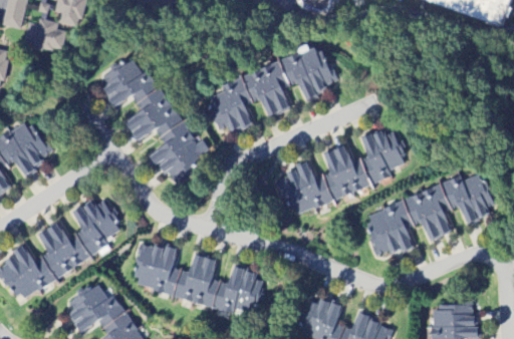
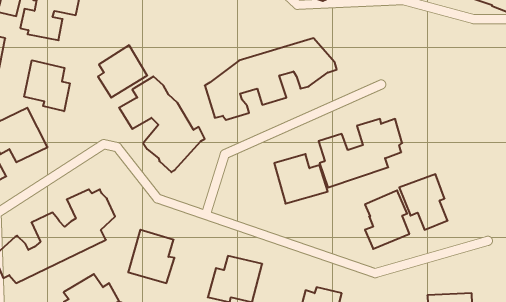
building: none -> [24,60,70,111]
building: [441,173,495,222] -> none
building: [173,253,217,306] -> none

